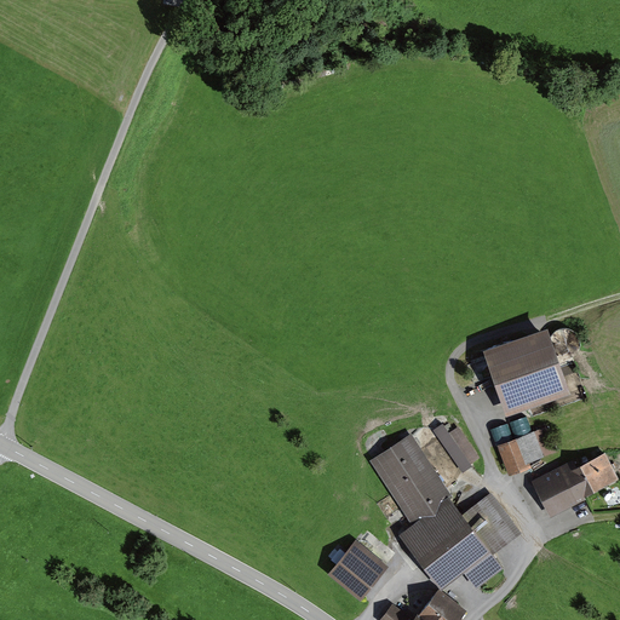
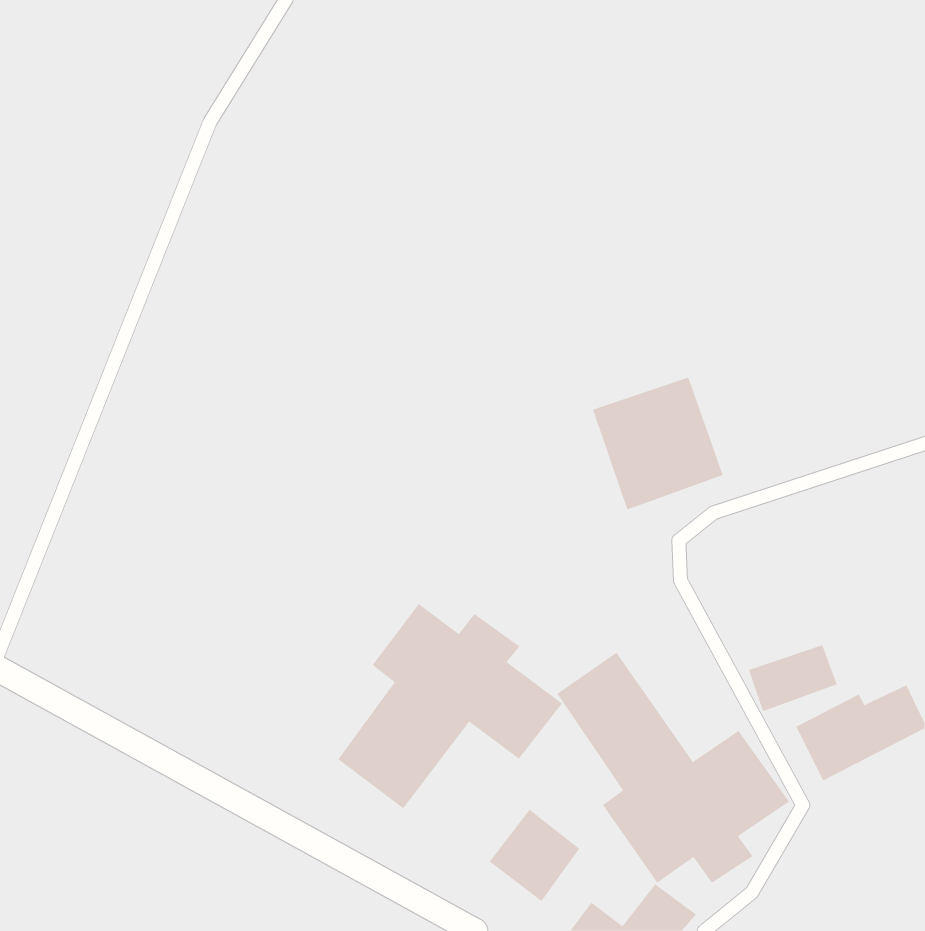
building: [480,328,567,417] -> [592,377,723,510]
building: none -> [337,603,563,809]
building: [431,425,480,472] -> none

